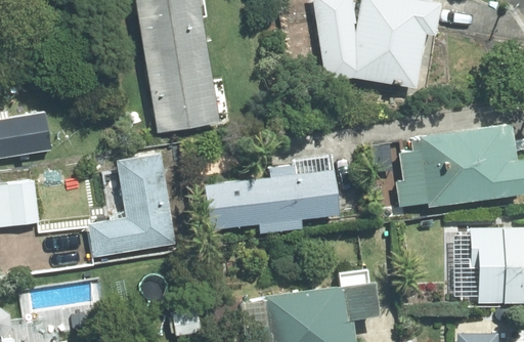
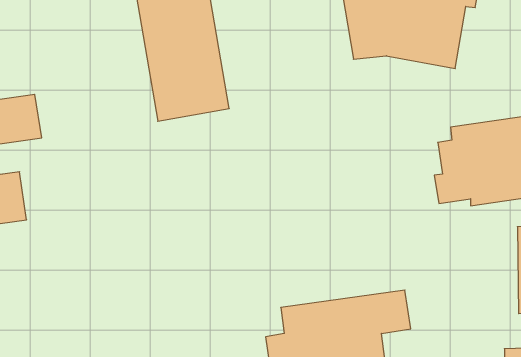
building: [90,154,177,257] -> none
building: [205,164,337,234] -> none

